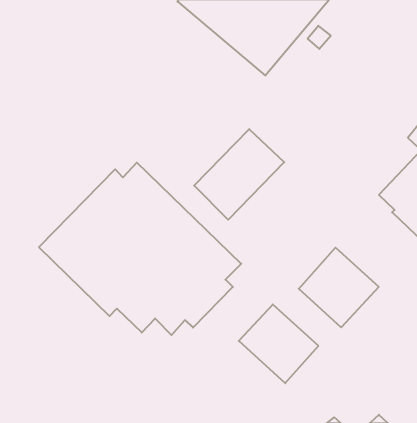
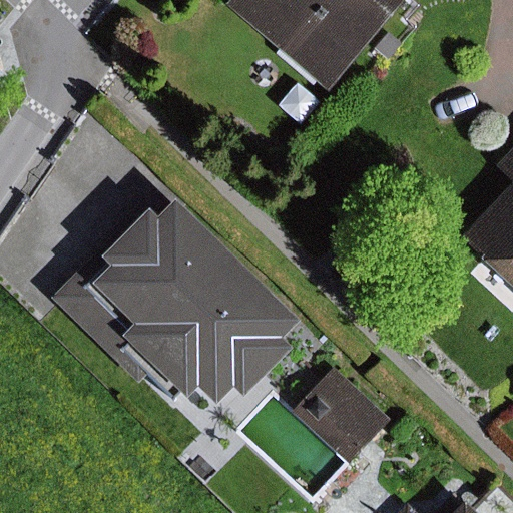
building: [194,129,284,220] -> none
building: [299,248,379,327] -> none

